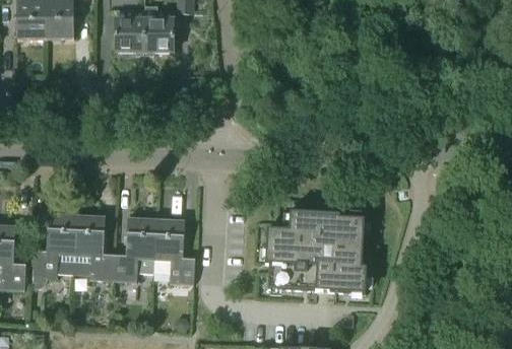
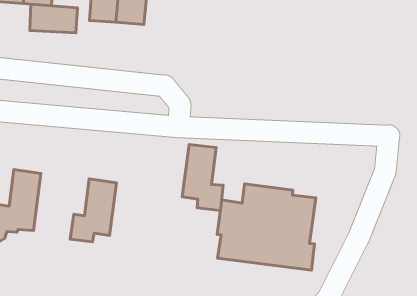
building: none -> [30,4,78,33]
building: [75,214,116,280] -> none
building: [154,218,196,284] -> [182,145,223,211]

